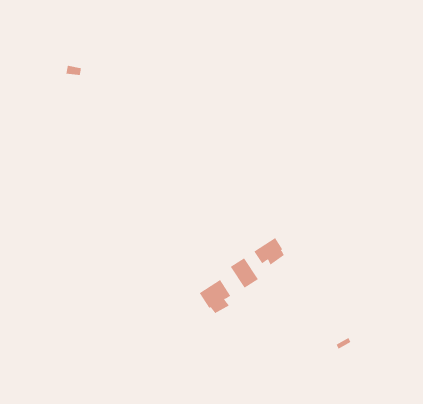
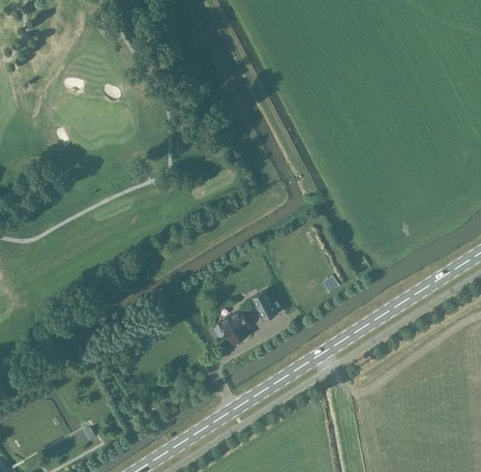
building: [253,237,284,265] -> none

